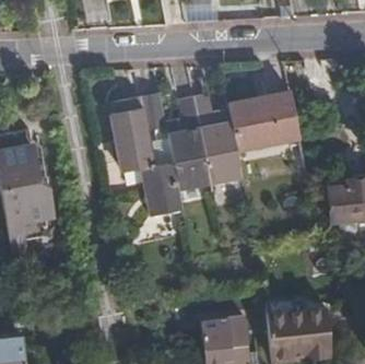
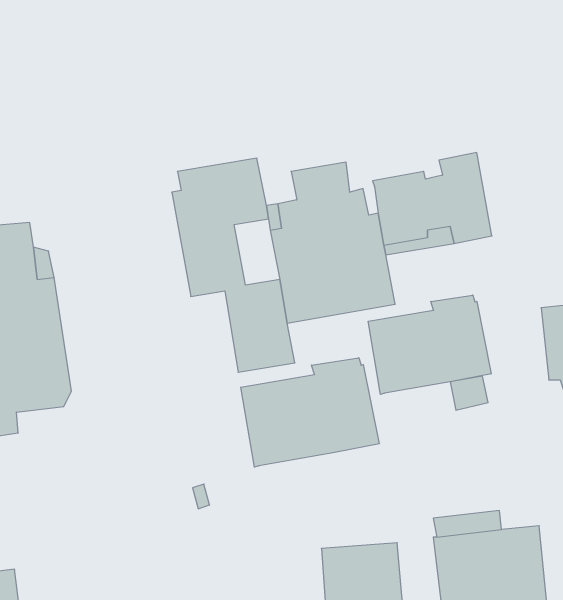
building: none -> [368,295,491,394]
building: none -> [241,358,379,467]

